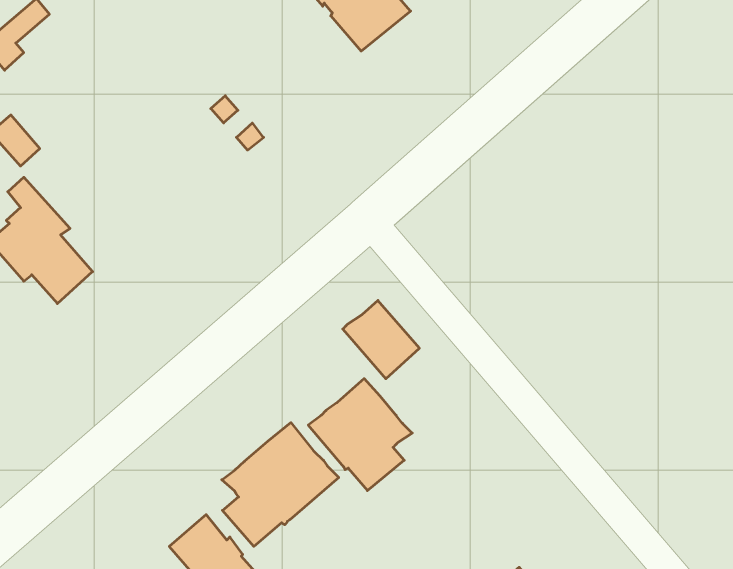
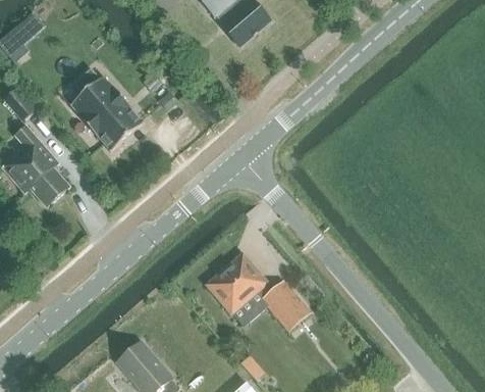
building: none -> [70,68,144,152]
building: [343,300,419,379] -> [260,282,309,332]
building: [222,423,339,546] -> none

